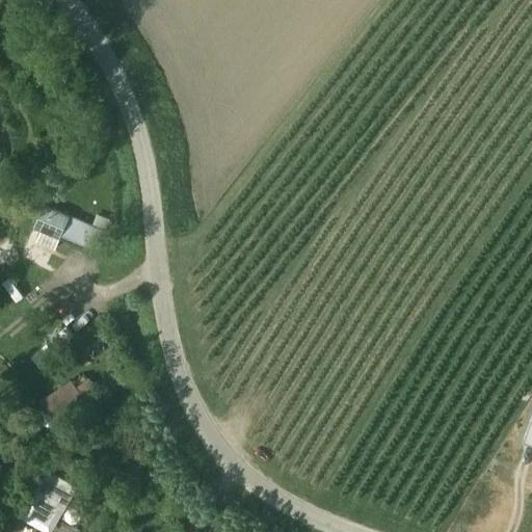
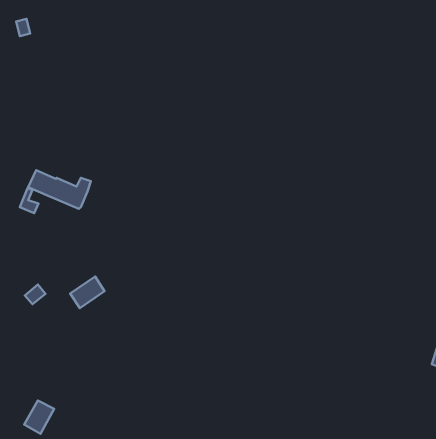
building: [43,380,84,419] -> [70,276,105,308]

